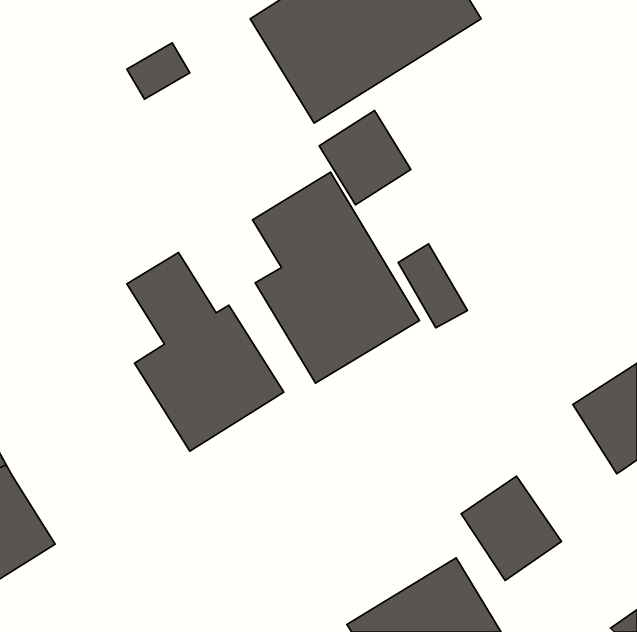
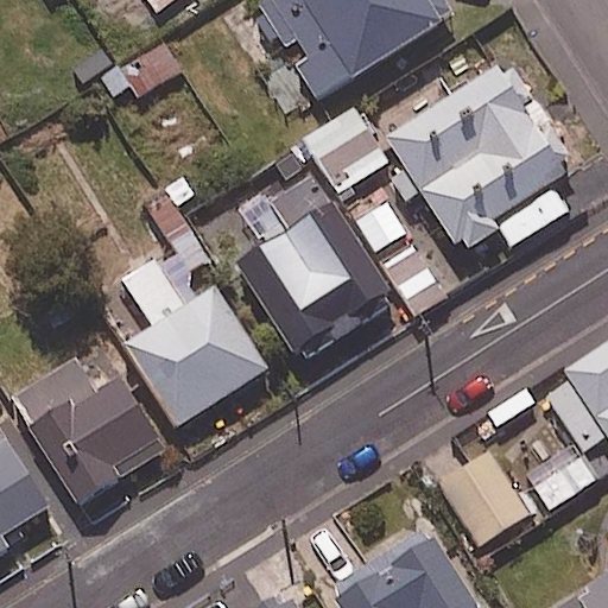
building: none -> [386,65,577,259]
building: none -> [7,356,167,508]

